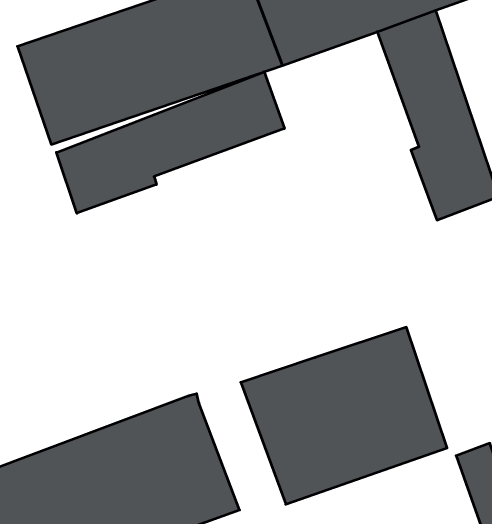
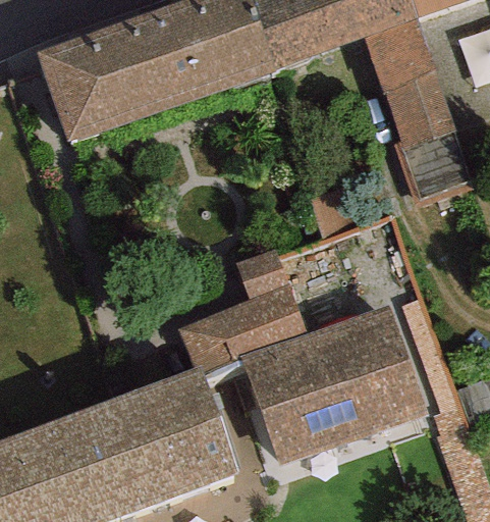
building: [56,72,284,213] -> none
building: none -> [178,250,308,374]

